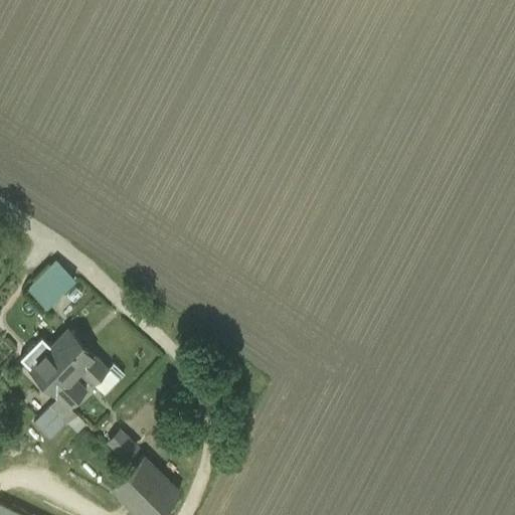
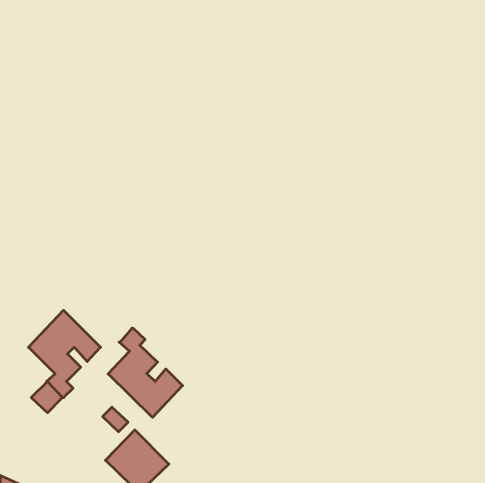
building: [30,271,73,308] -> none
building: none -> [108,328,183,417]

